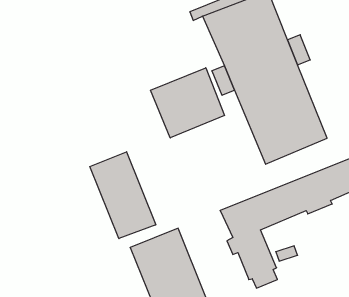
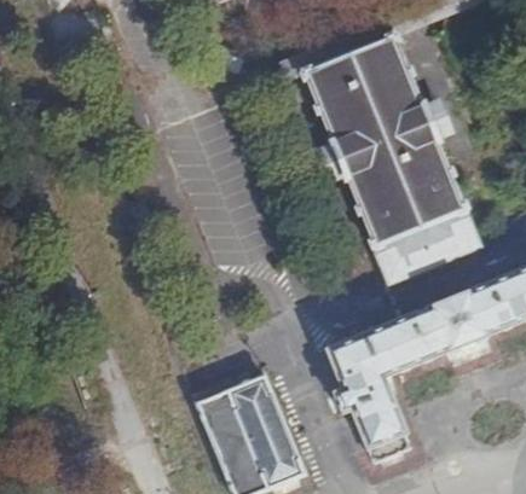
building: [150,68,224,138] -> none
building: [90,152,156,239] -> none

